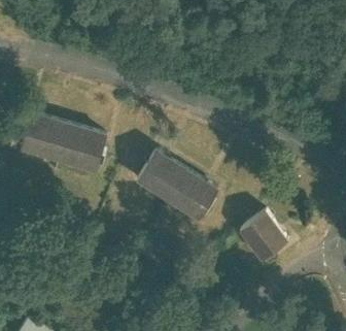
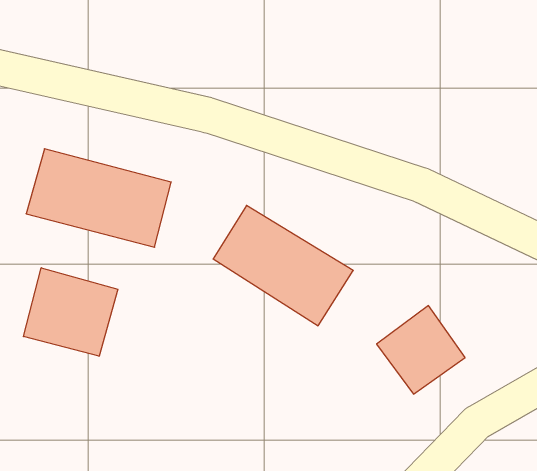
building: none -> [23,268,118,356]

